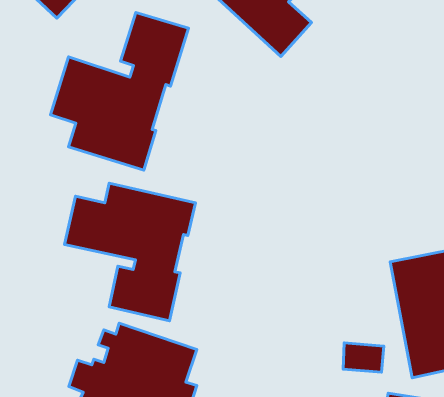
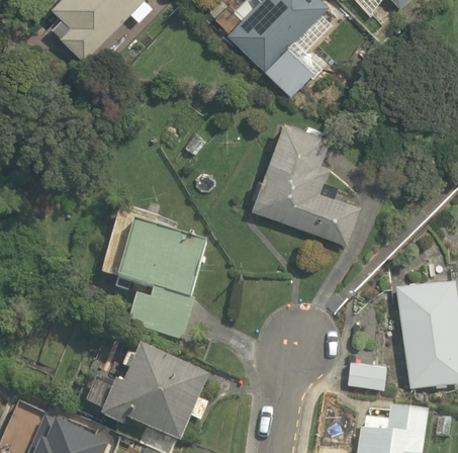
building: [50,12,189,170] -> none
building: none -> [243,111,361,247]

